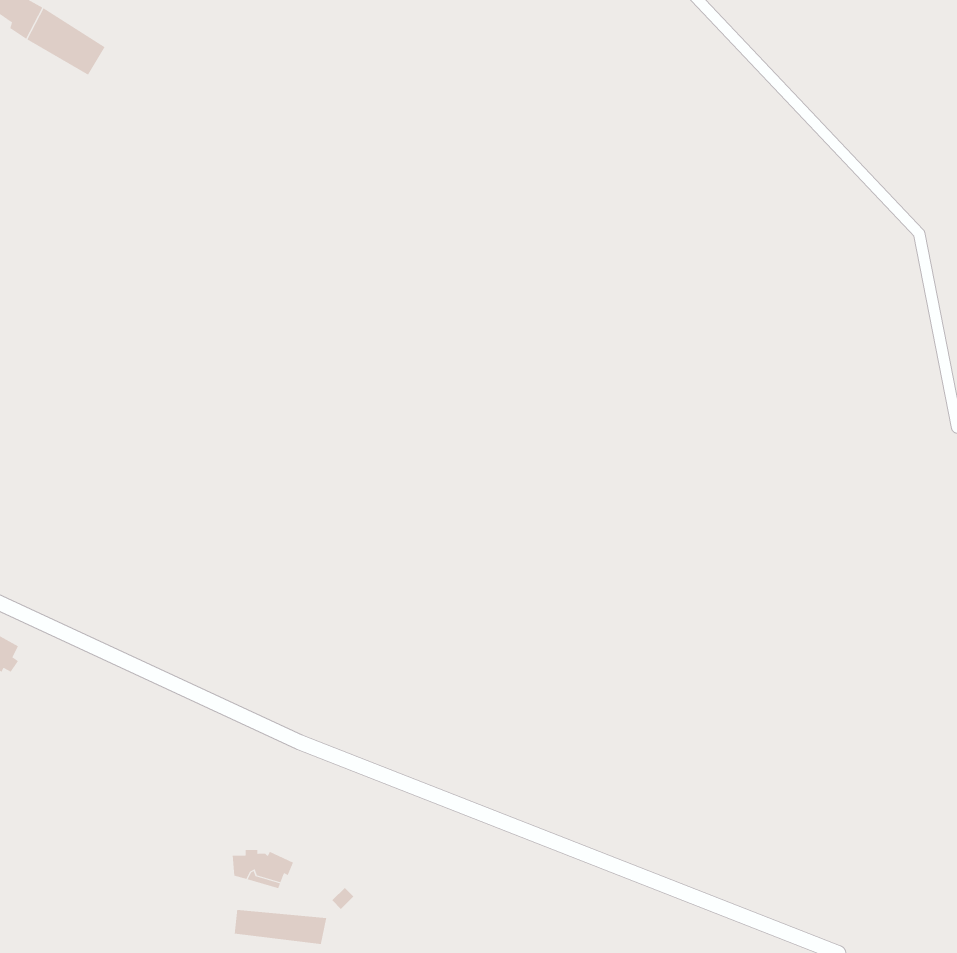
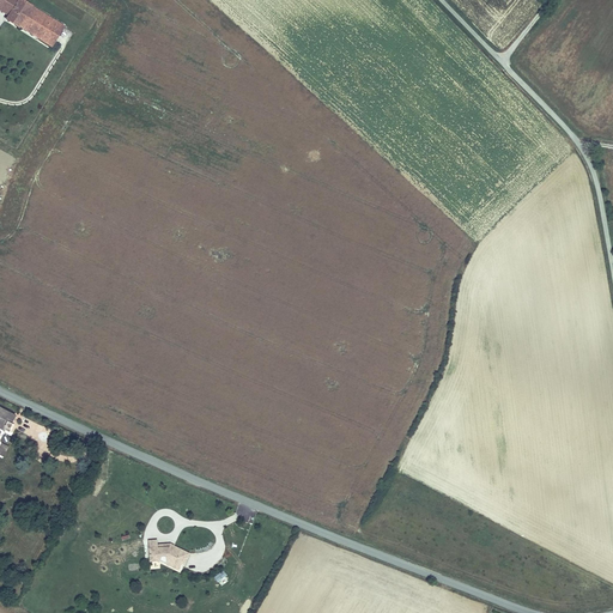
building: [234,909,327,945] -> none

